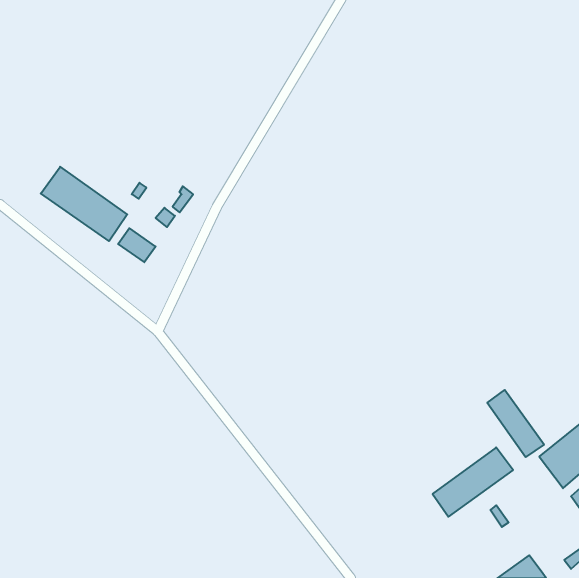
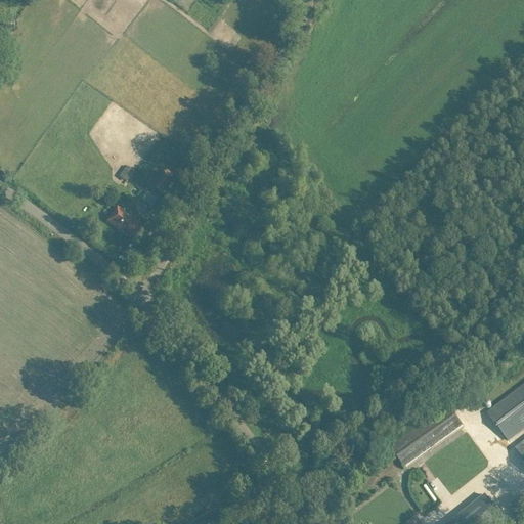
building: [41,167,127,241] -> none
building: [487,390,544,457] -> none

